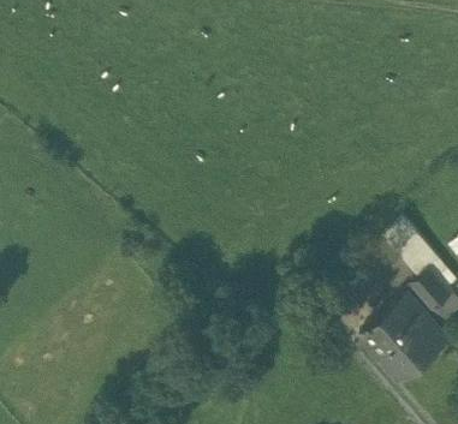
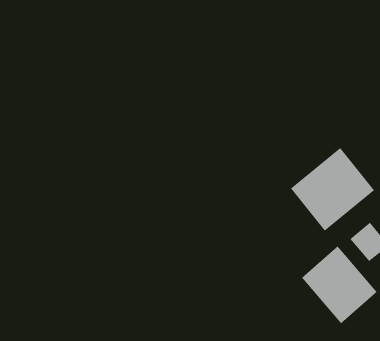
building: none -> [290,147,375,231]

